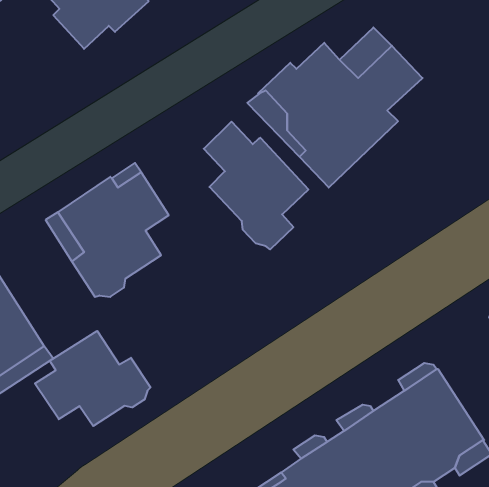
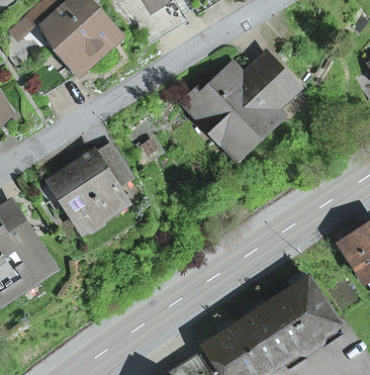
building: [204,122,308,249] -> none
building: [35,331,150,426] -> none

